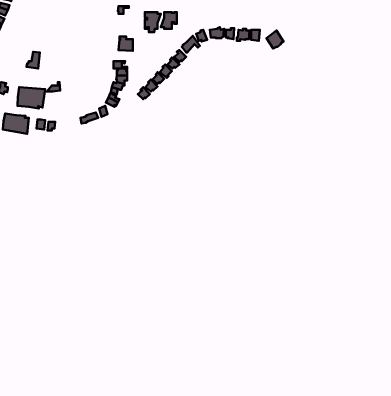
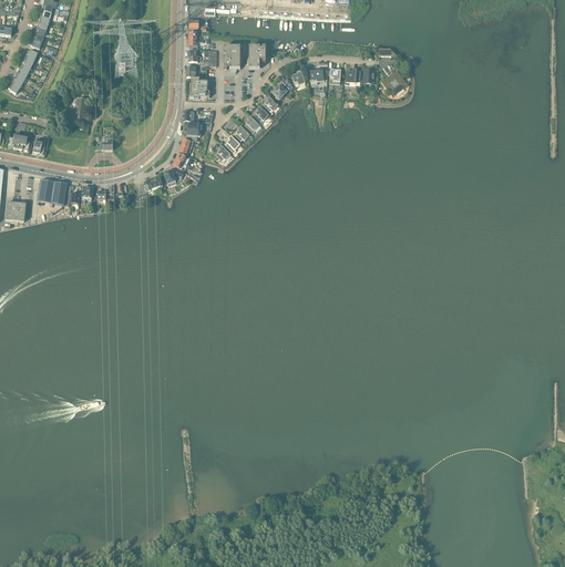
building: [17,87,45,108] -> none

